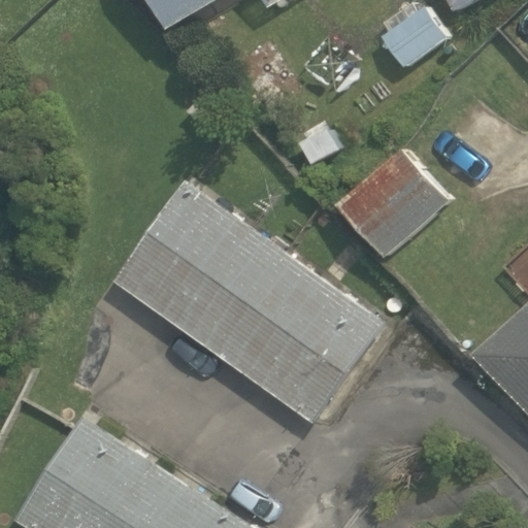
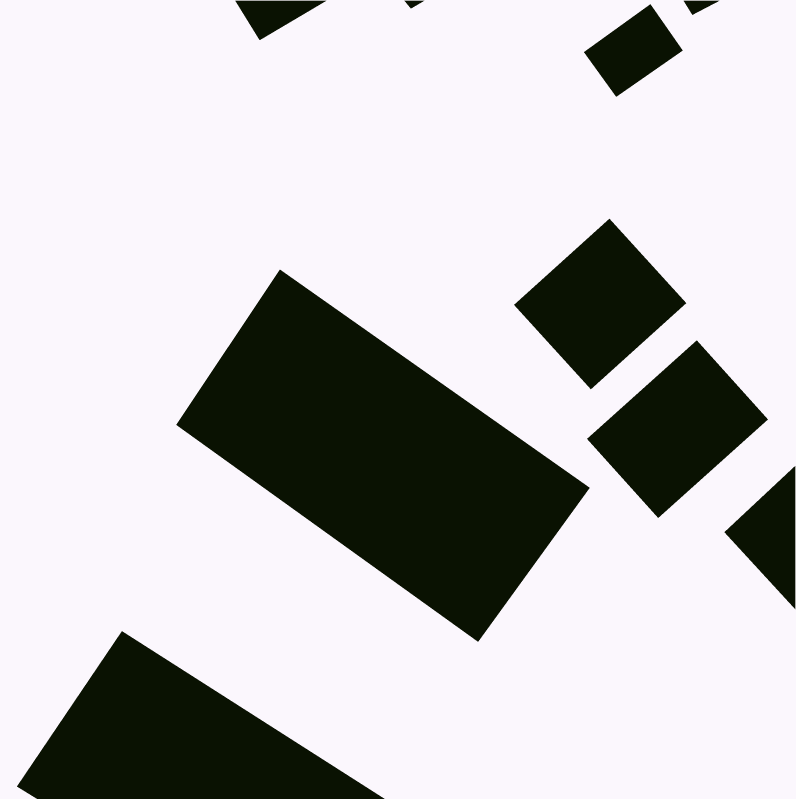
building: none -> [586,340,769,519]

